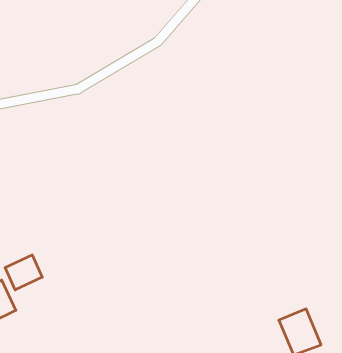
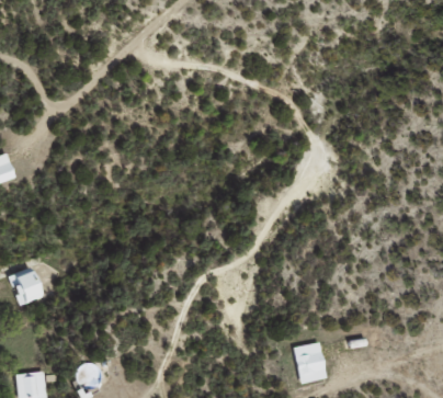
building: [5,255,42,290] -> none

